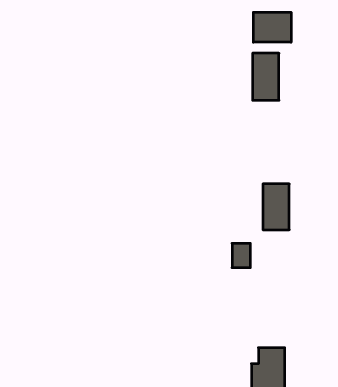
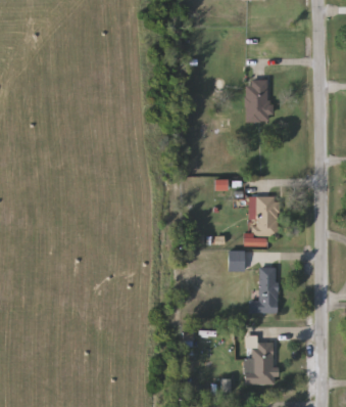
building: [253,12,291,42] -> none
building: none -> [249,267,277,313]

